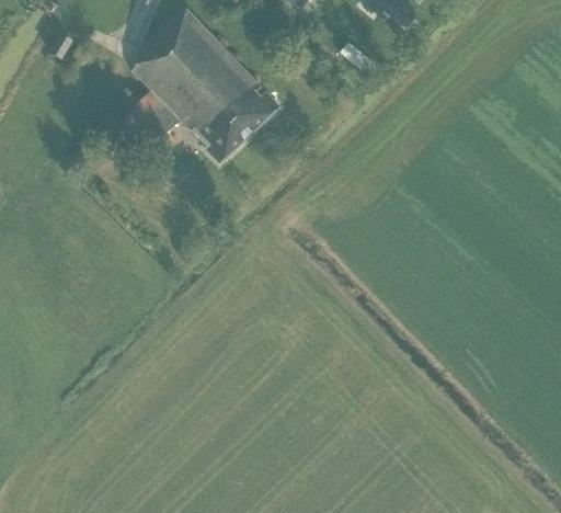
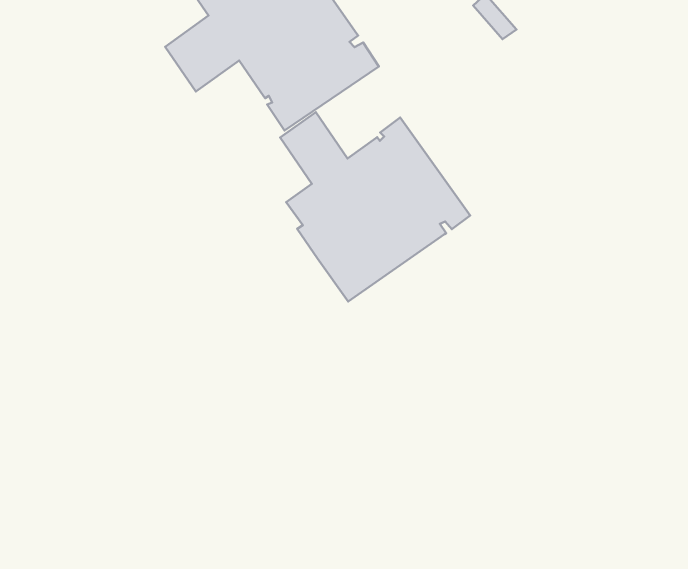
building: none -> [280,112,470,302]

